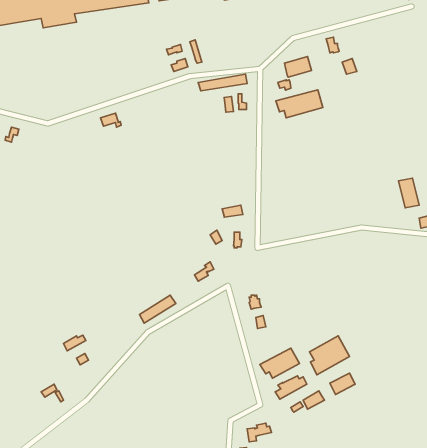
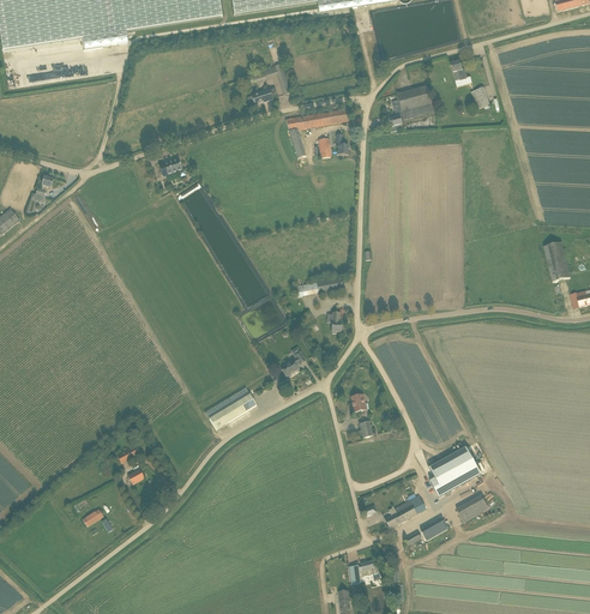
building: [276,90,323,118] -> none
building: [260,348,299,378] -> none

